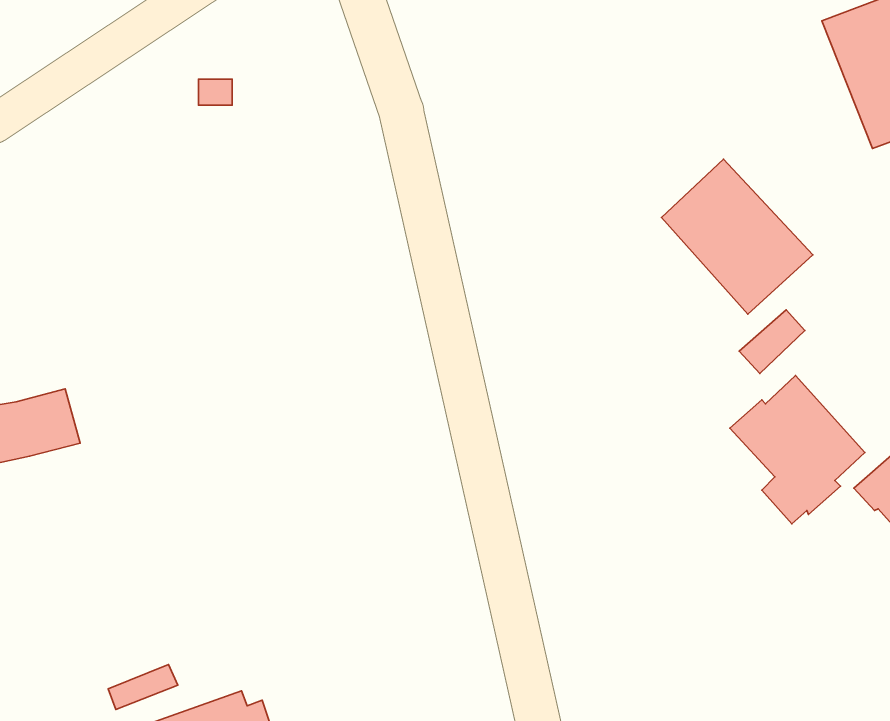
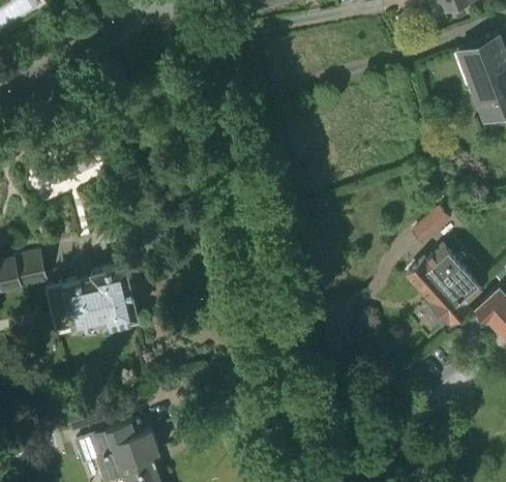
building: [661,159,813,314] -> none
building: none -> [44,265,138,334]

